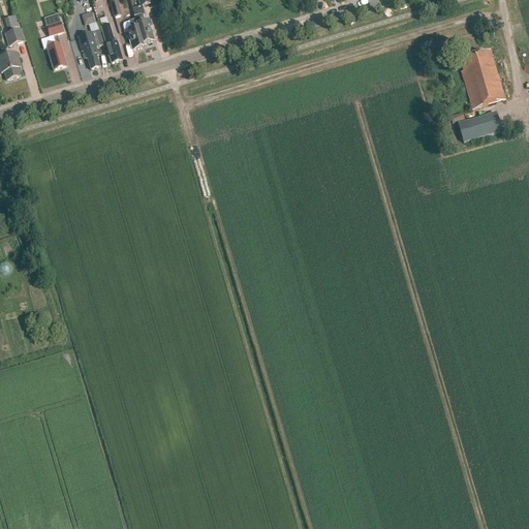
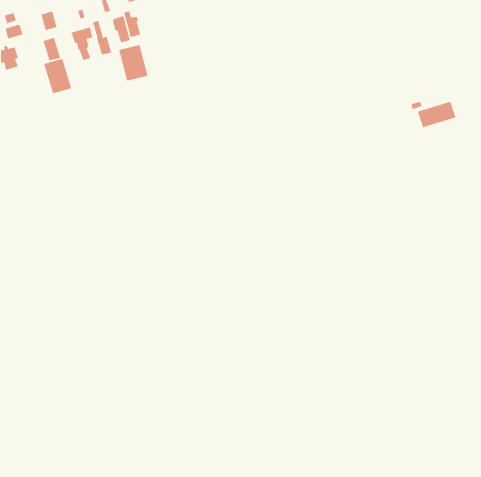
building: [460,46,505,107] -> none
building: none -> [118,44,149,81]
building: none -> [43,58,72,94]

